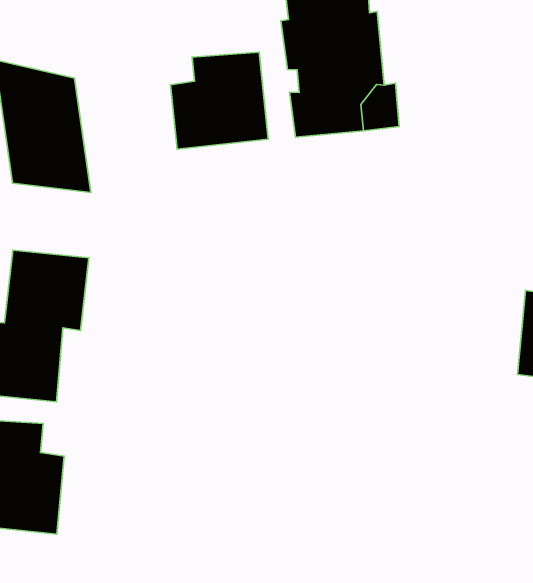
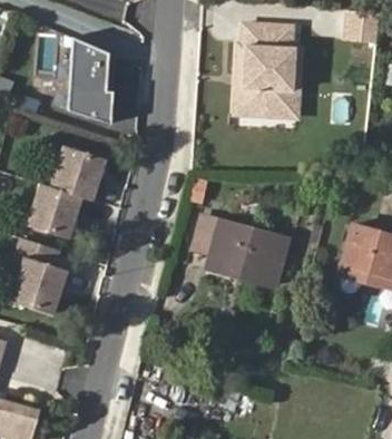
building: [170,52,268,149] -> none
building: none -> [197,215,288,287]

